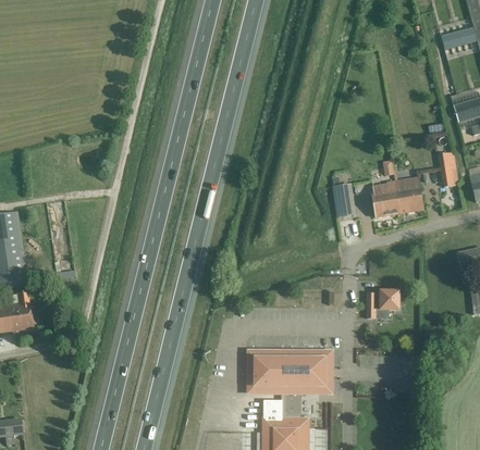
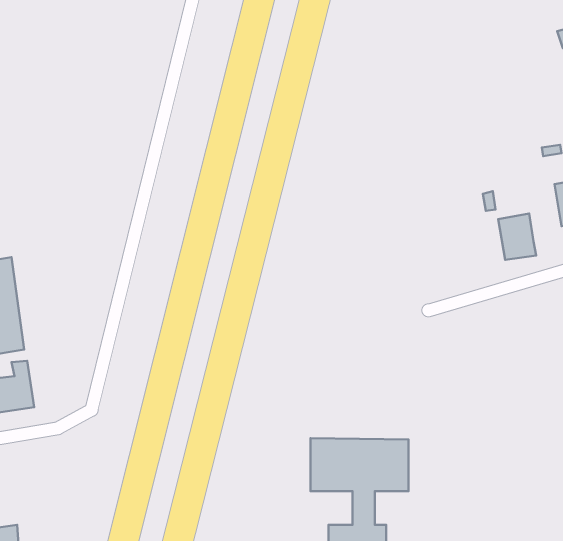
building: [372,182,401,217] -> none
building: [334,184,355,216] -> none
building: [367,291,399,318] -> none

